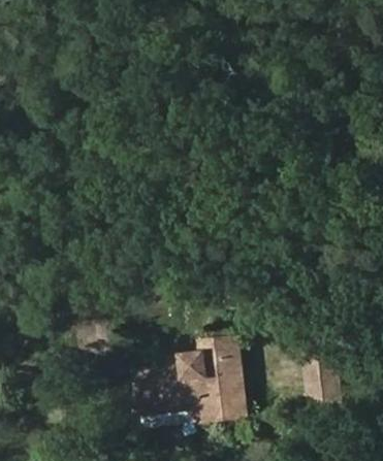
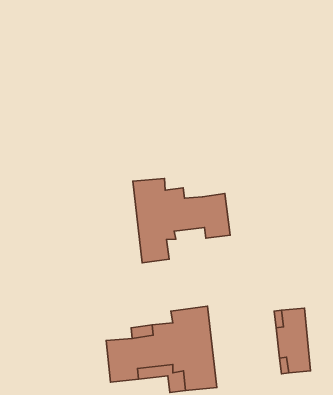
building: none -> [133,178,230,263]

